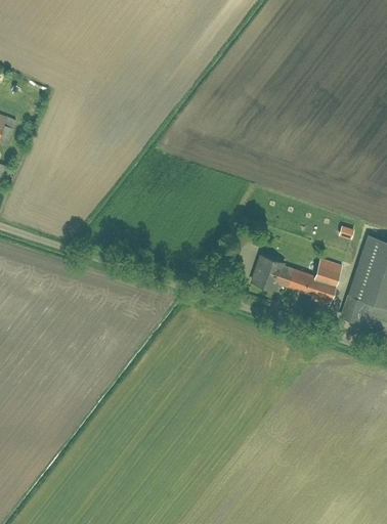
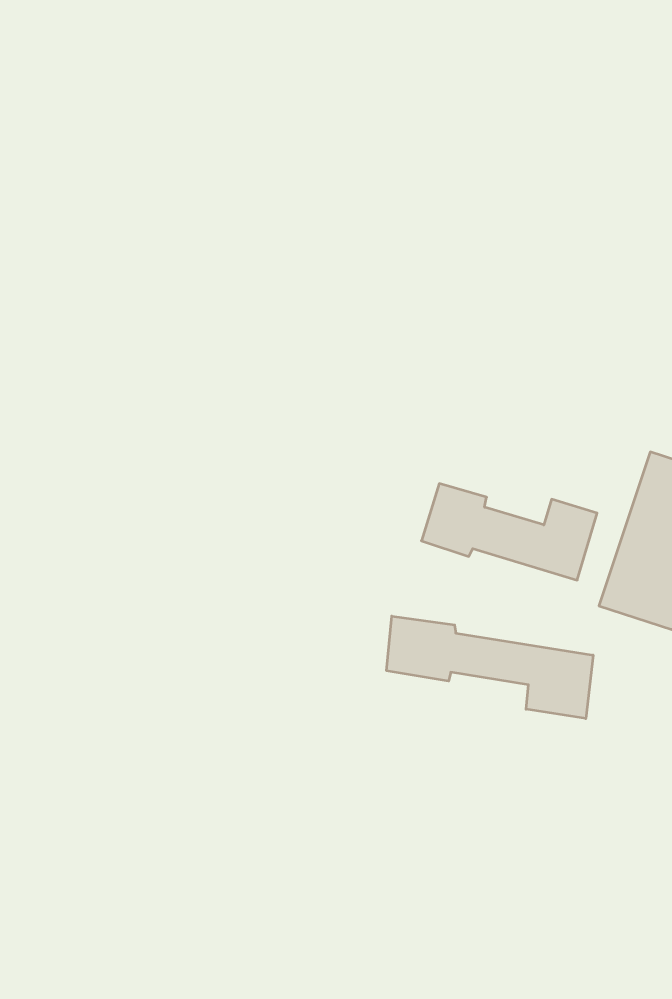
building: none -> [387,616,593,719]

